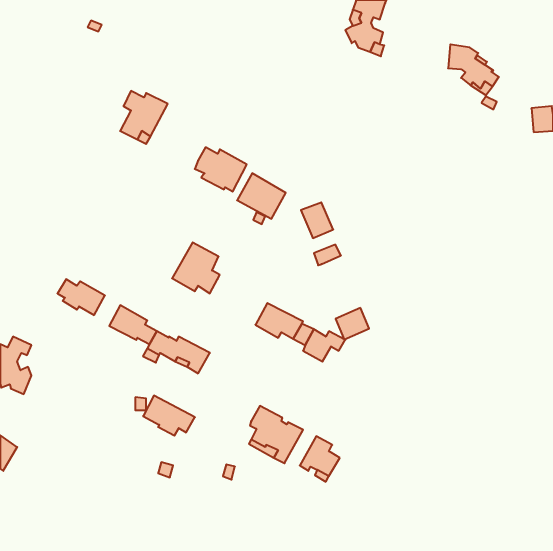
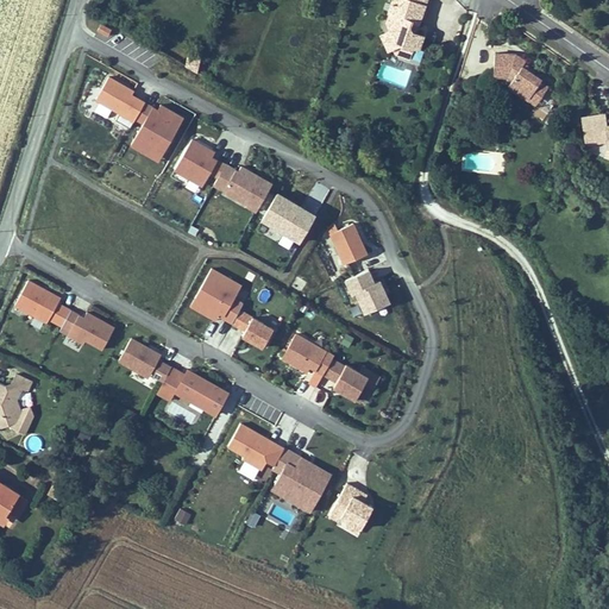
building: none -> [95,77,144,121]
building: none -> [174,139,226,188]
building: none -> [15,280,73,325]
building: none -> [231,309,274,349]
building: [336,308,369,339] -> [353,281,390,315]
building: [143,396,195,436] -> [228,425,285,469]

